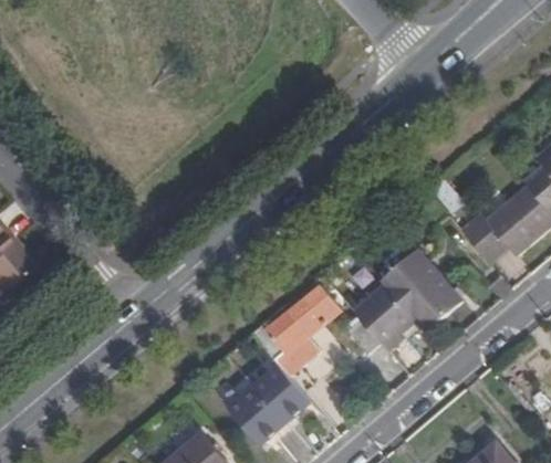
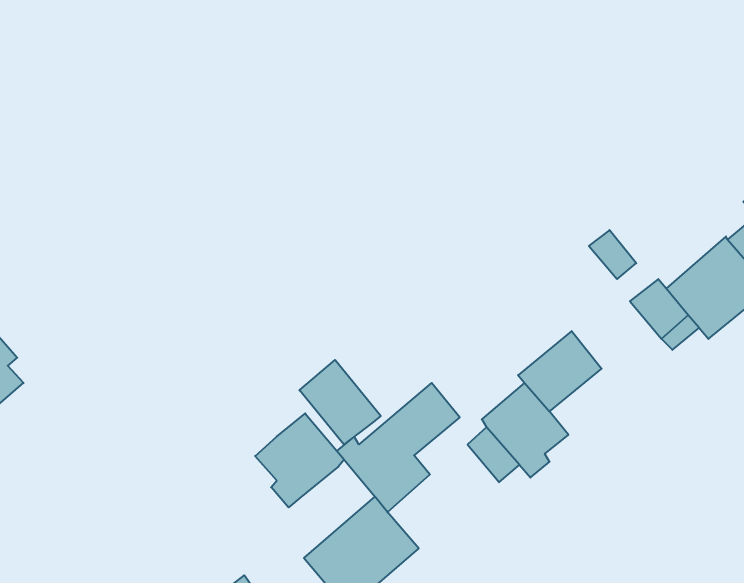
building: none -> [299,360,381,444]
building: [403,275,462,330] -> none
building: none -> [255,413,344,507]

